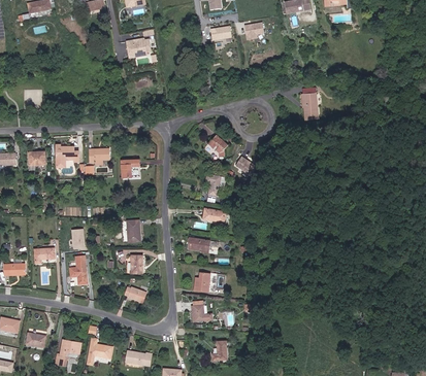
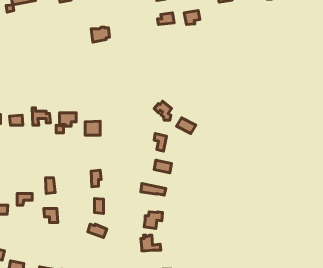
building: [300,89,318,121] -> none

